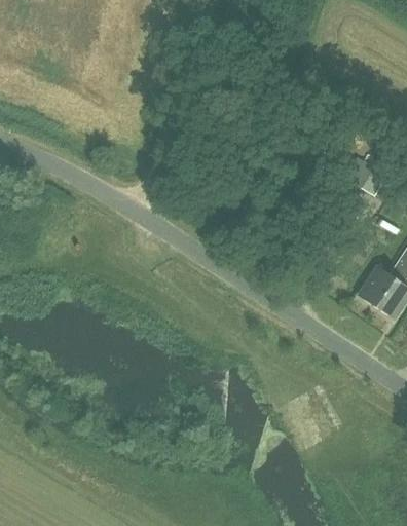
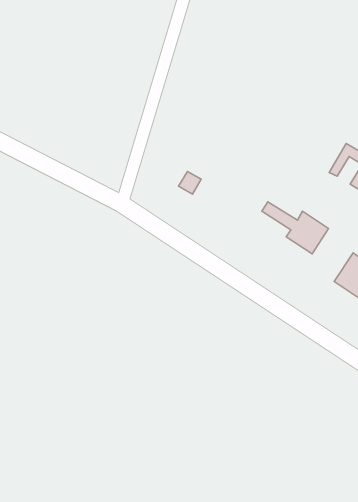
building: none -> [262,202,329,254]

